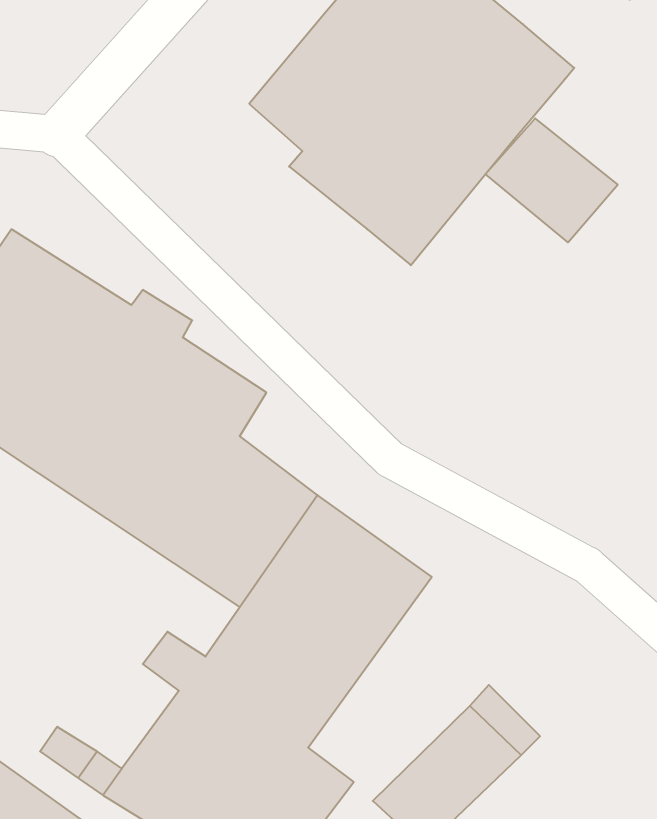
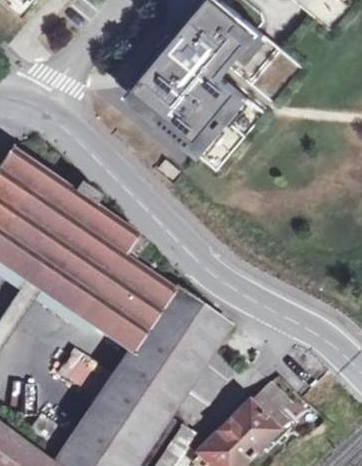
building: [486,118,618,242] -> none

